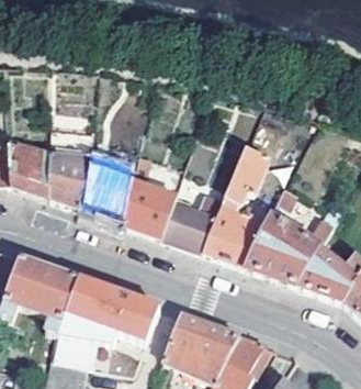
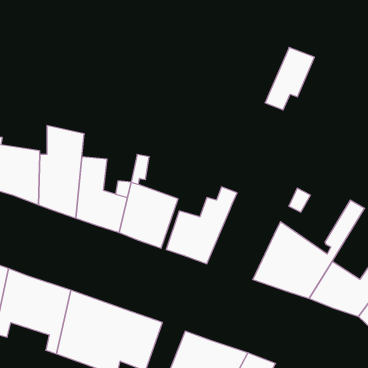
building: [224,147,269,204] -> [265,47,314,110]
building: [201,203,264,267] -> none

